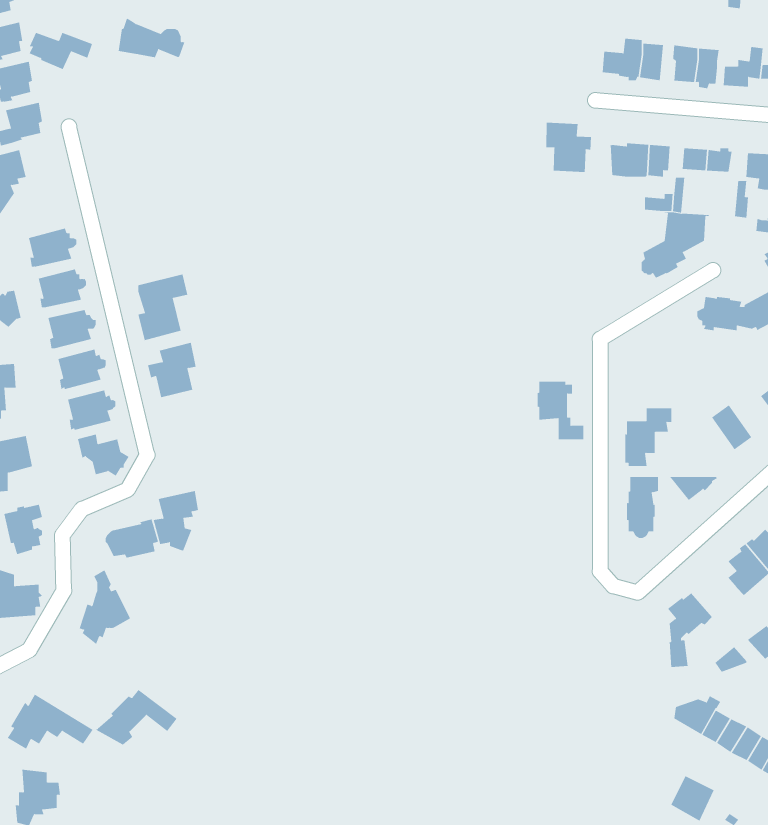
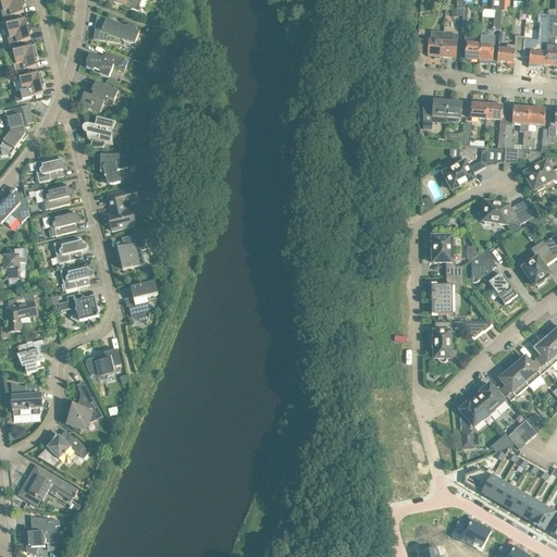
building: [29,32,93,70] -> [85,51,127,76]
building: none -> [79,79,117,110]
building: [546,122,592,173] -> none
building: none -> [82,116,129,146]
building: none -> [100,153,129,183]
building: none -> [470,246,495,281]
building: [537,381,584,440] -> [431,235,462,274]
building: [153,491,199,554] -> [126,280,157,322]
building: none -> [475,382,505,413]
building: [96,689,177,747] -> [36,429,90,467]

